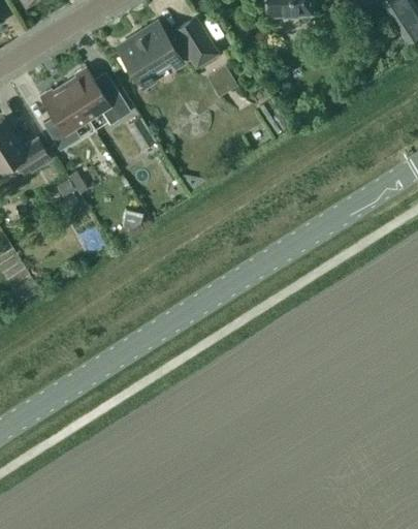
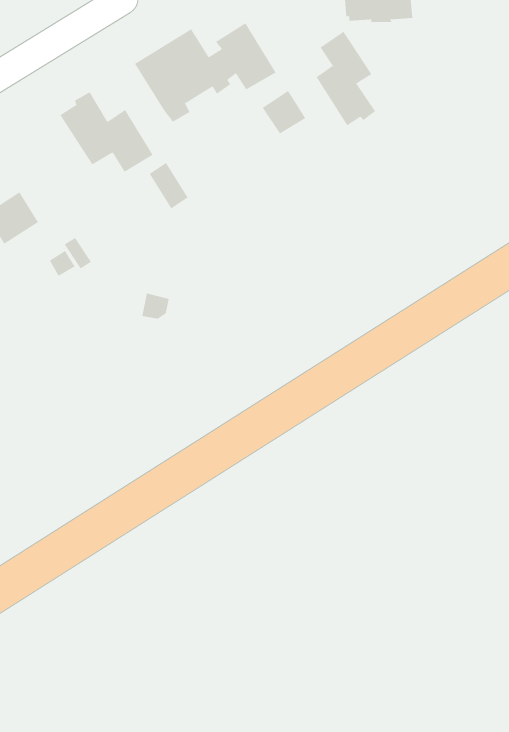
building: none -> [316,31,376,126]
building: [39,84,87,150] -> none

